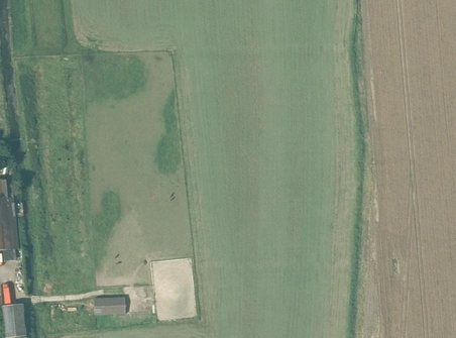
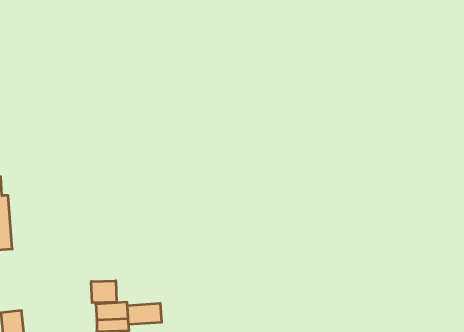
building: none -> [91,281,116,303]
building: none -> [127,303,162,325]

